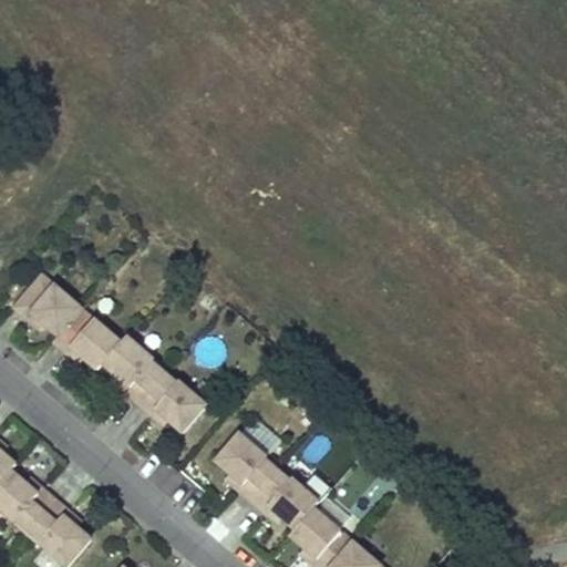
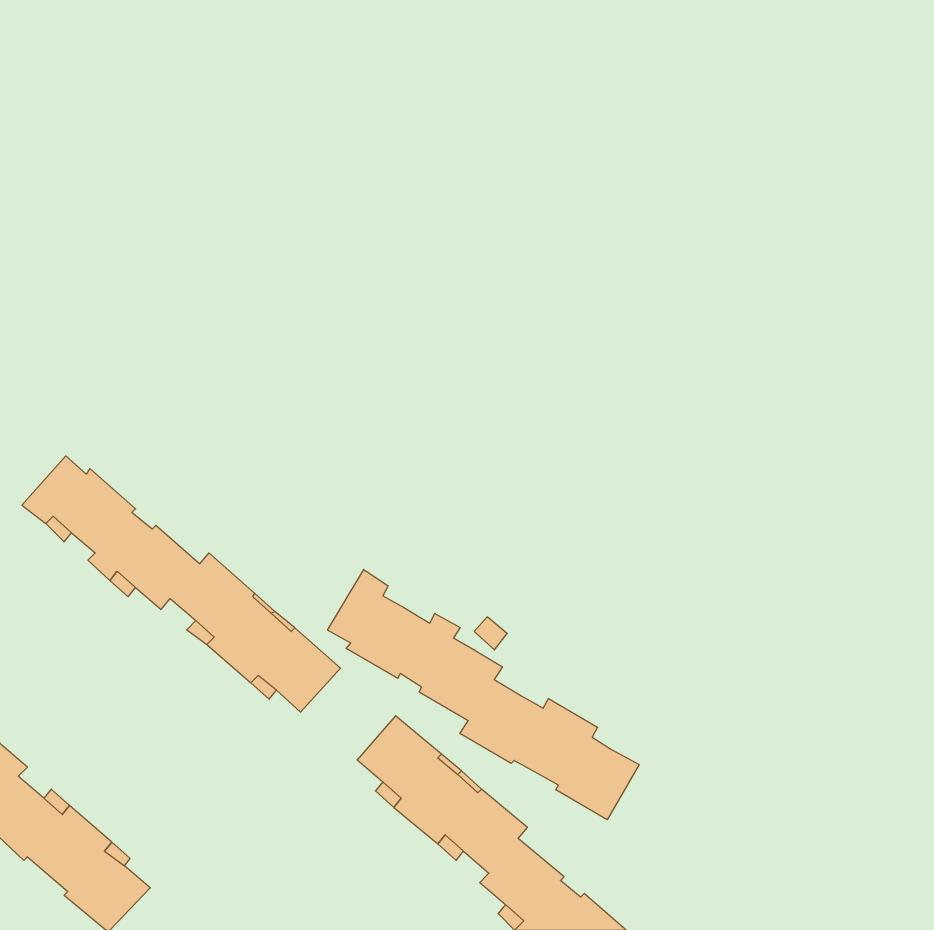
building: none -> [328,569,639,820]

